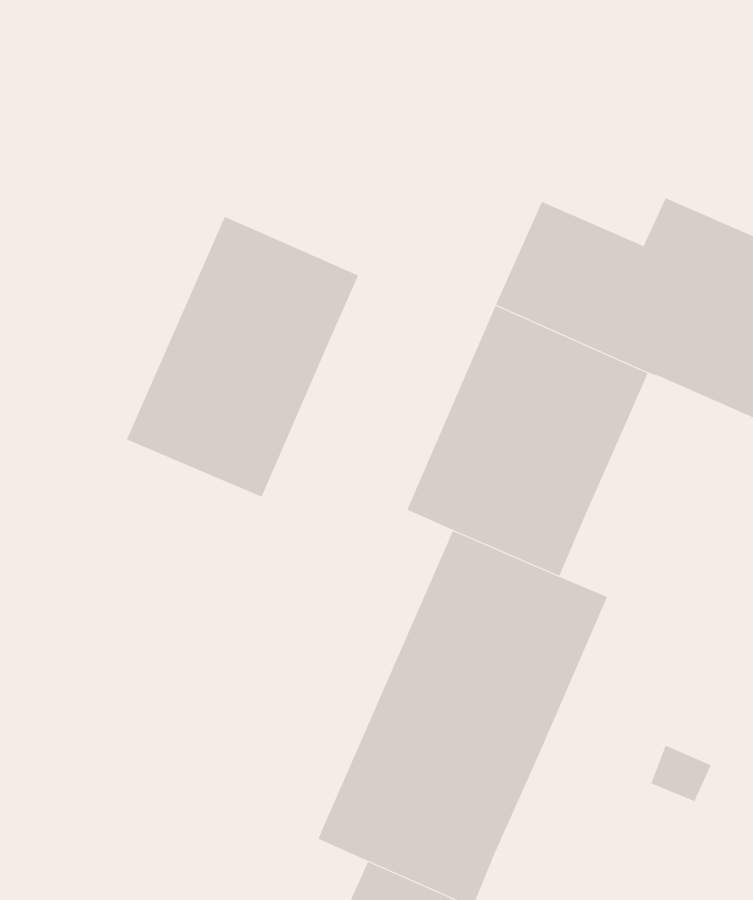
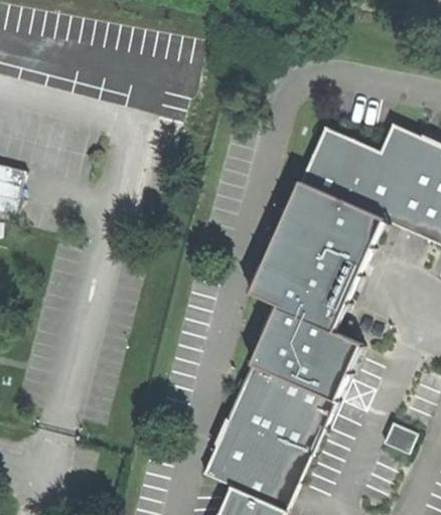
building: [126,216,359,497] -> none

